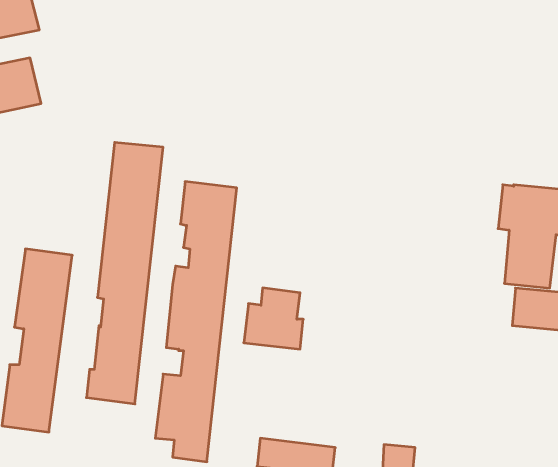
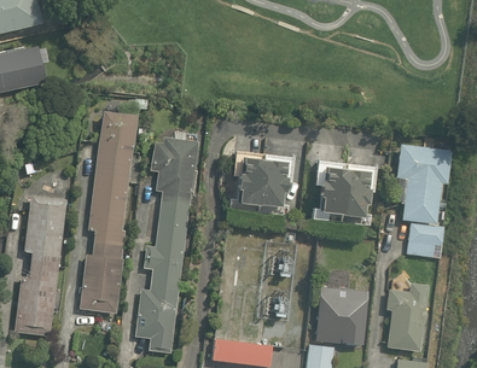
building: none -> [322,167,371,216]
building: [244,288,303,349] -> [238,160,284,208]
building: none -> [386,276,429,350]
building: none -> [318,287,368,344]

